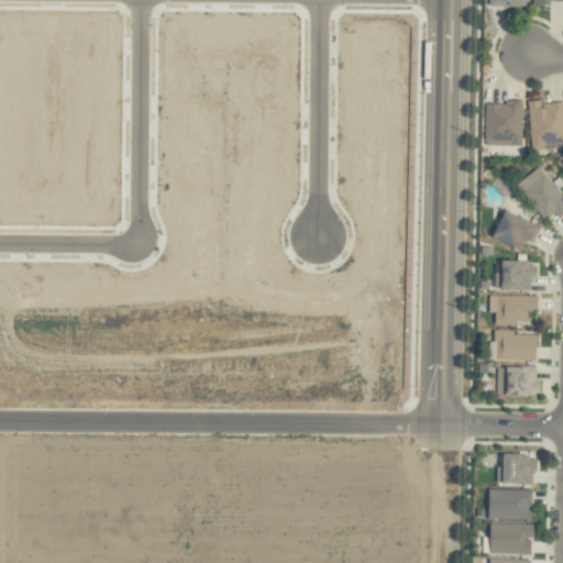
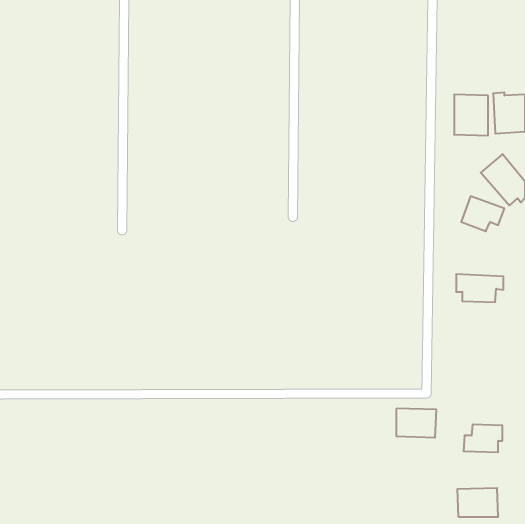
building: [493,261,537,289] -> none
building: [495,329,538,360] -> none
building: [497,366,541,395] -> none
building: [489,488,532,519] -> [396,409,436,437]

